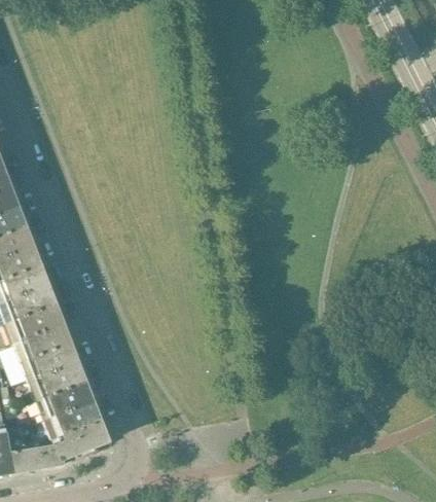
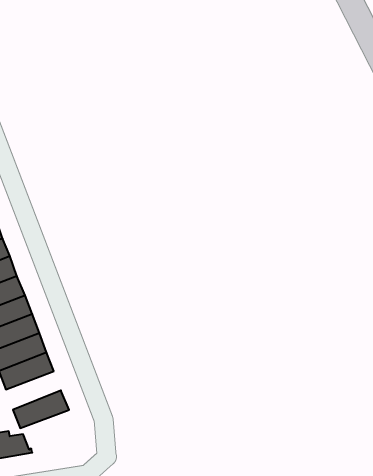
building: [37,379,93,418] -> none
building: [51,418,109,458] -> none

